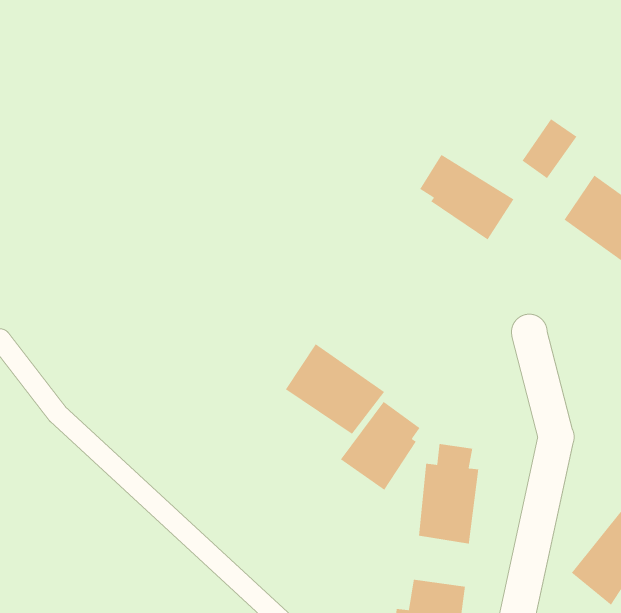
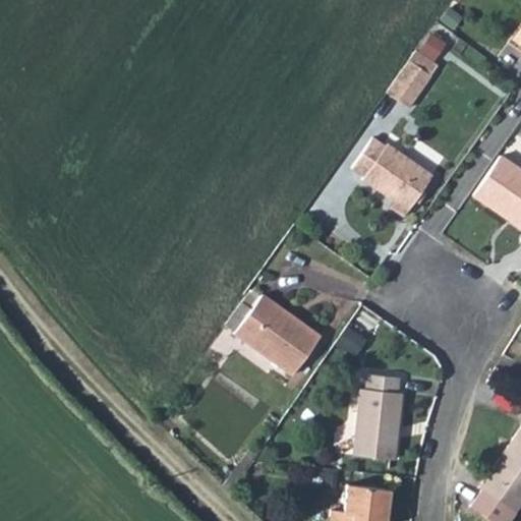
building: [521,118,578,179] -> [396,47,443,98]
building: [340,401,421,491] -> none

